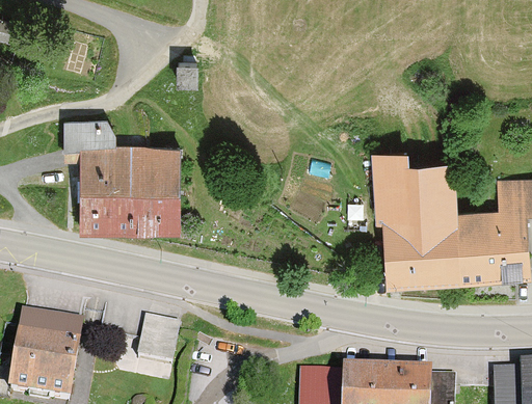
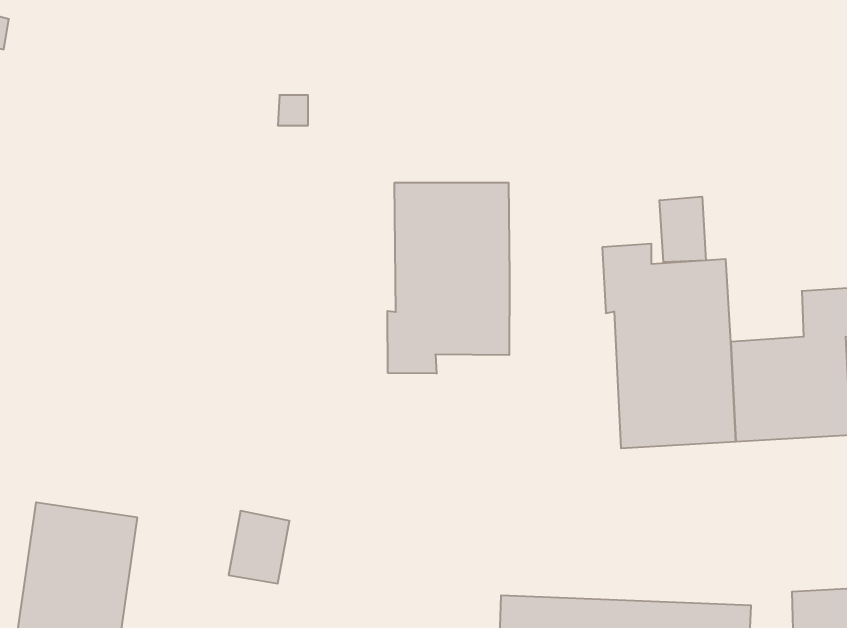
building: none -> [387,183,509,374]
building: [61,118,176,222] -> none
building: none -> [660,197,706,262]

